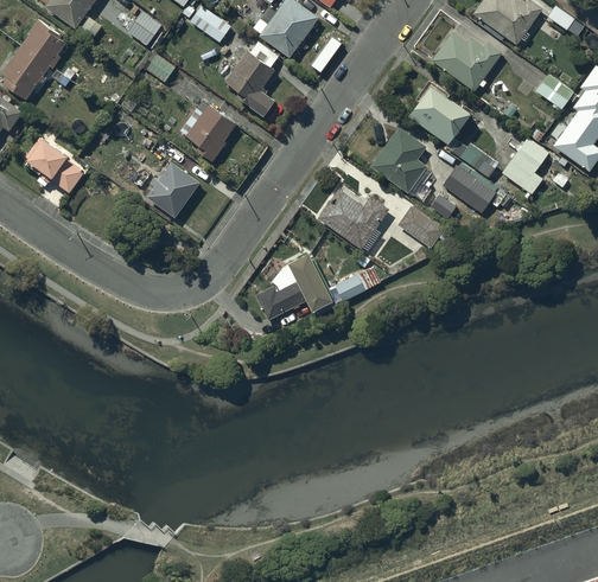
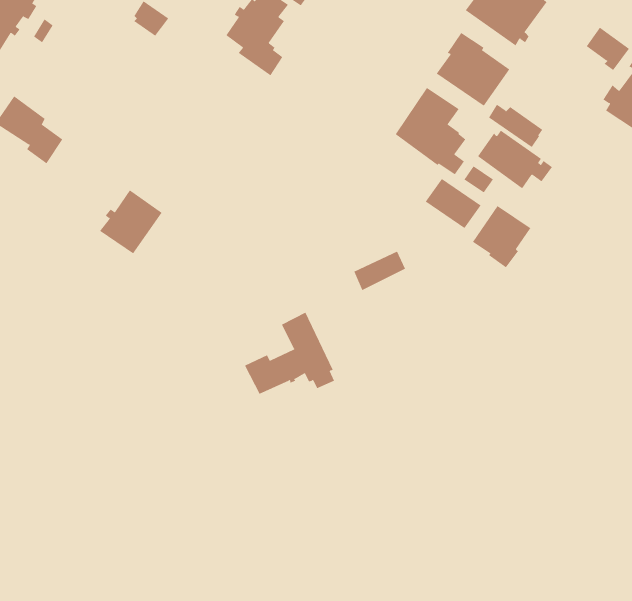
building: [177,101,236,162] -> none
building: [501,136,549,196] -> none
building: [145,161,199,217] -> [99,190,162,254]
building: [317,187,388,249] -> none
building: none -> [472,205,531,268]
building: [254,249,332,320] -> [244,312,335,394]

